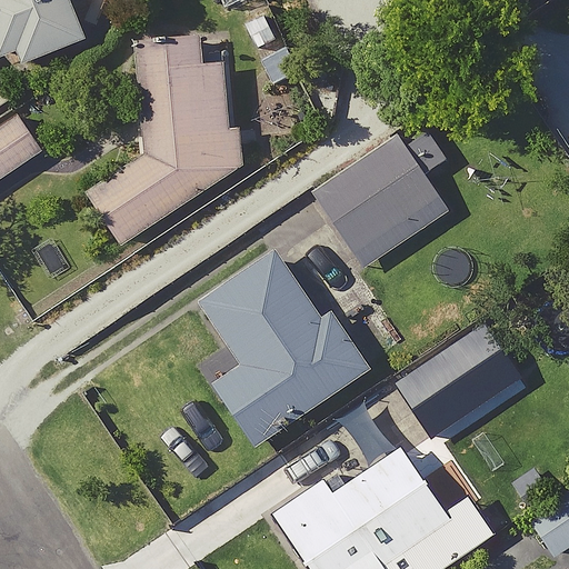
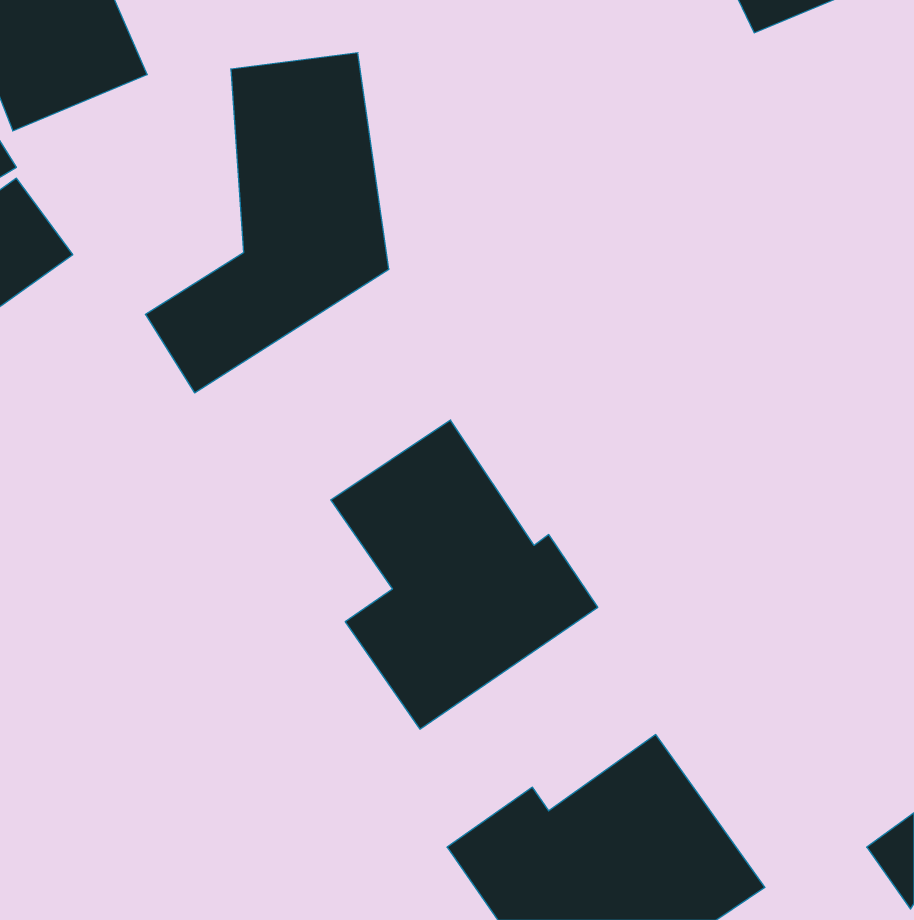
building: [315,122,447,266] -> none
building: [392,330,502,433] -> none

